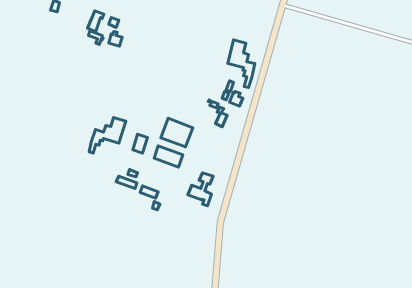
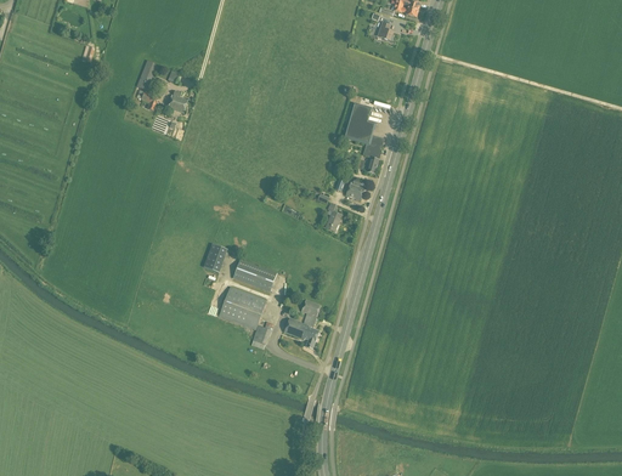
building: [89,117,126,153] -> none
building: [161,118,193,147] -> [219,285,266,328]

